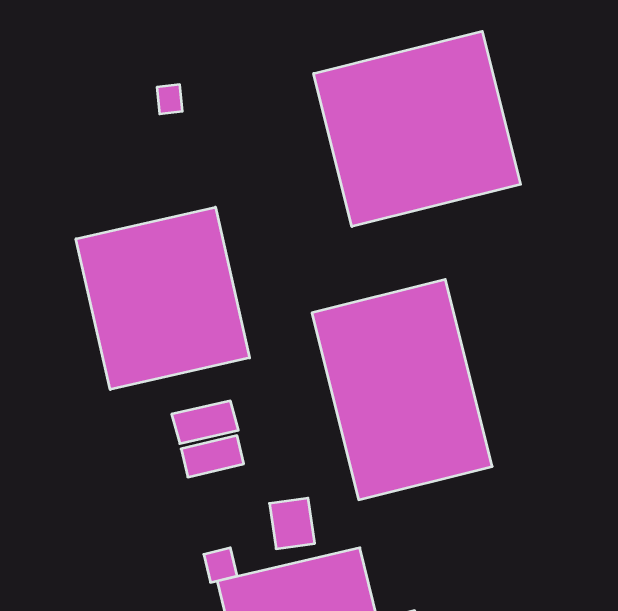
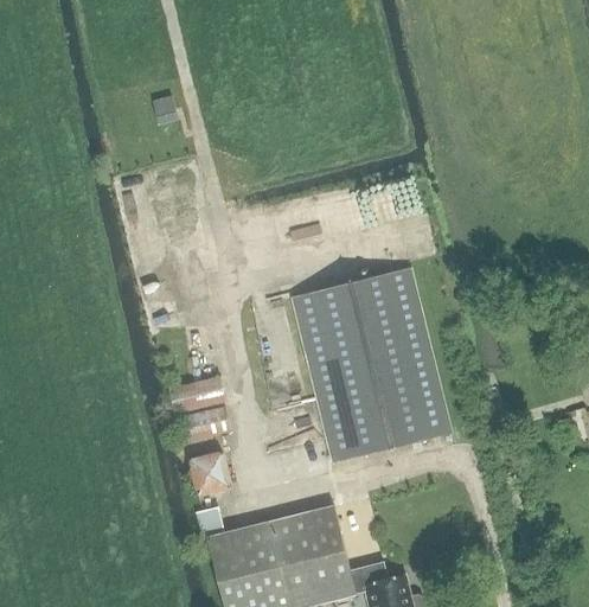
building: [314,31,521,227] -> none
building: [76,207,250,390] -> none
building: [269,498,315,549] -> [187,448,228,493]

